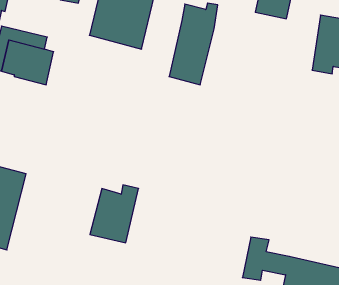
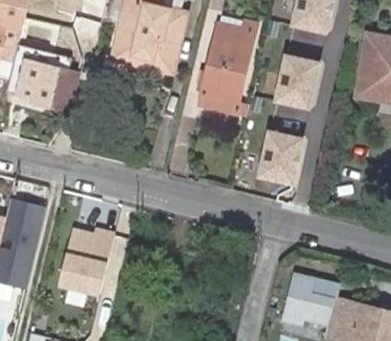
building: none -> [279,57,324,114]
building: none -> [261,132,306,190]
building: [90,185,139,243] -> [60,230,113,293]

